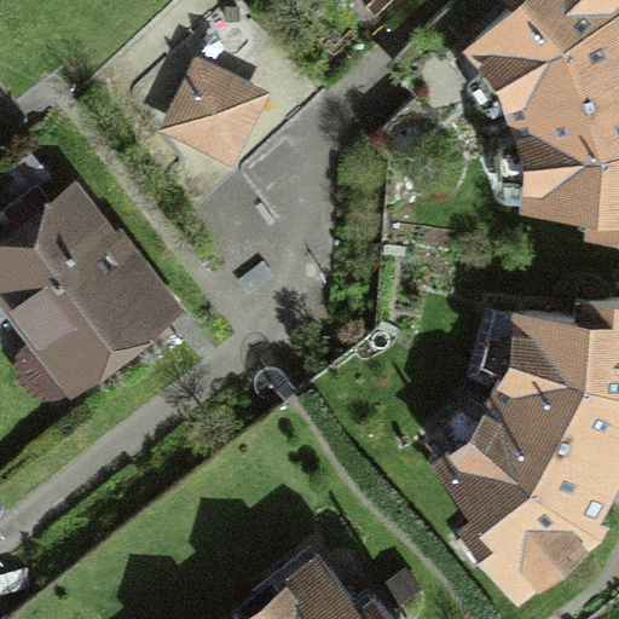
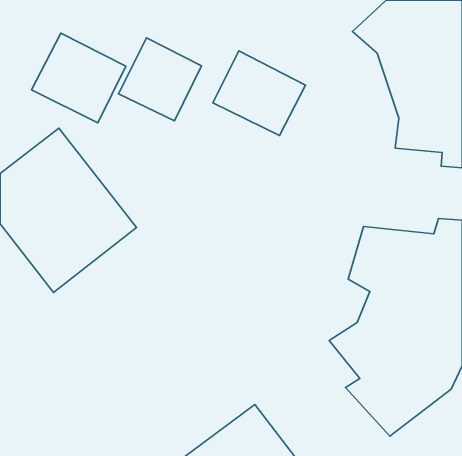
building: none -> [31,33,126,123]
building: none -> [213,51,305,136]

